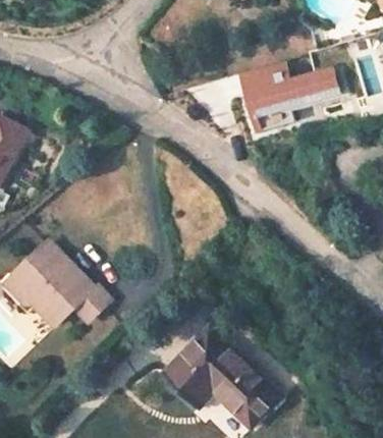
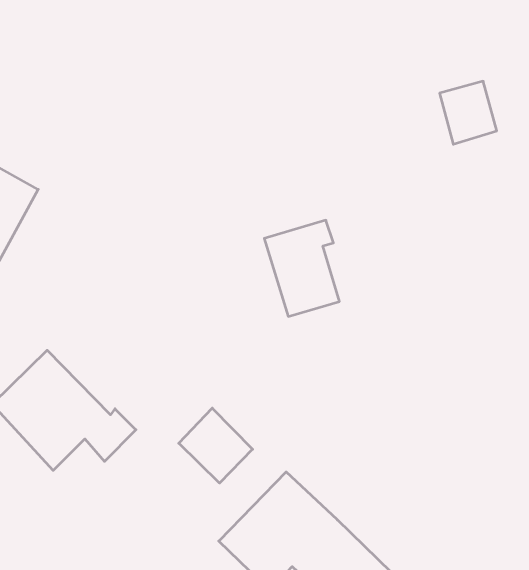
building: [240,64,291,129] -> [264,220,339,316]
building: none -> [179,408,253,483]

